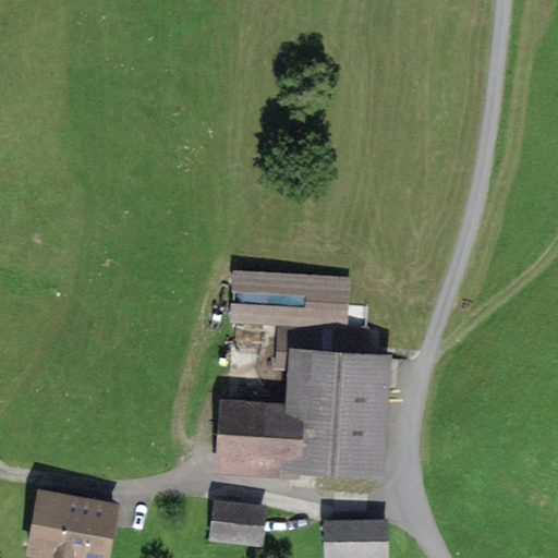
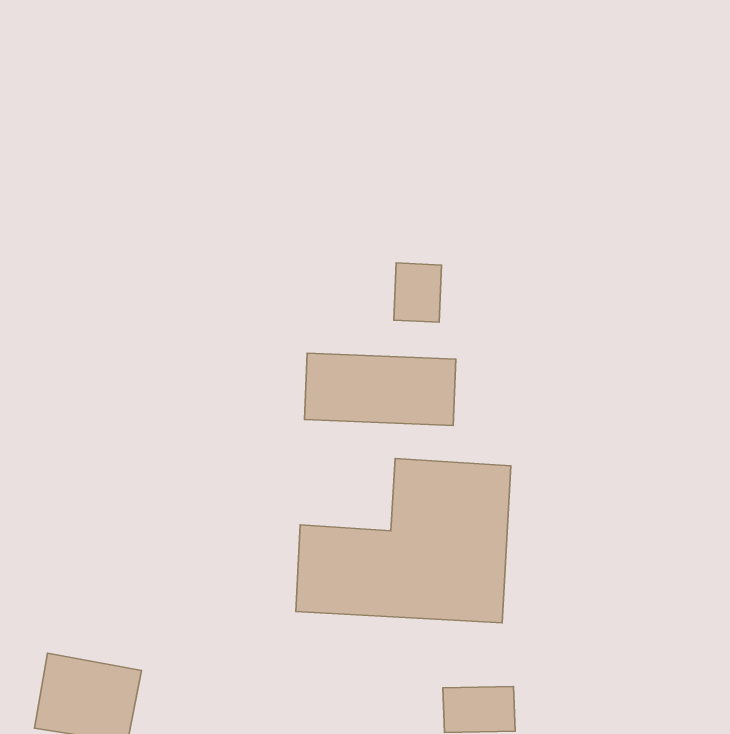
building: none -> [394,263,441,322]
building: [208,509,257,541] -> none

